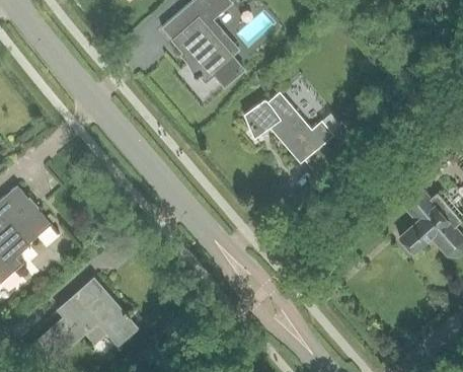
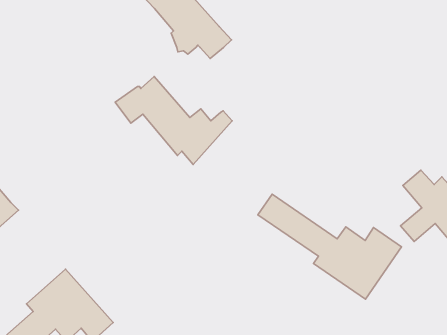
building: [244,91,351,171] -> [115,76,232,164]
building: none -> [258,194,402,299]

